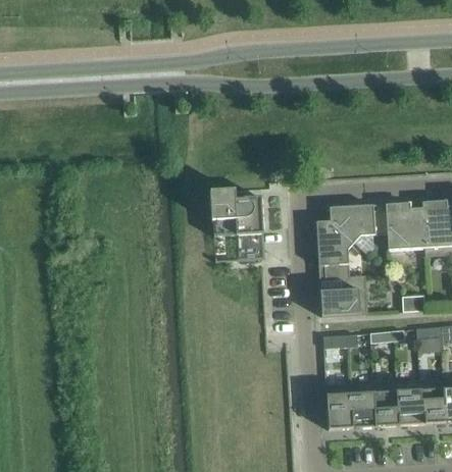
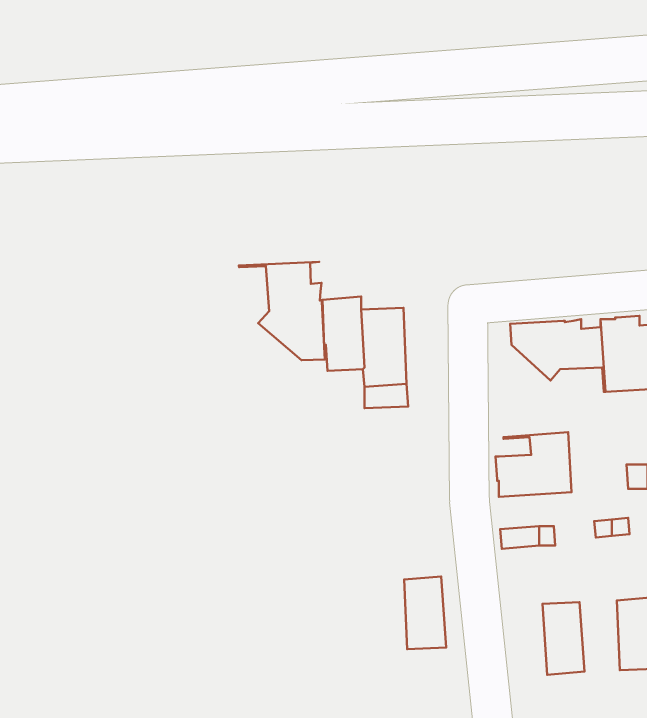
building: none -> [239,262,325,360]
building: [315,220,365,278] -> none
building: [372,381,398,426] -> none
building: [325,383,352,429] -> [404,576,446,649]

